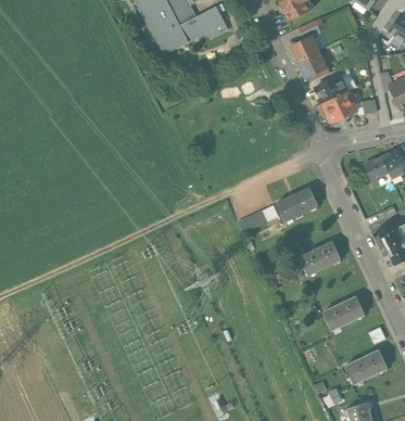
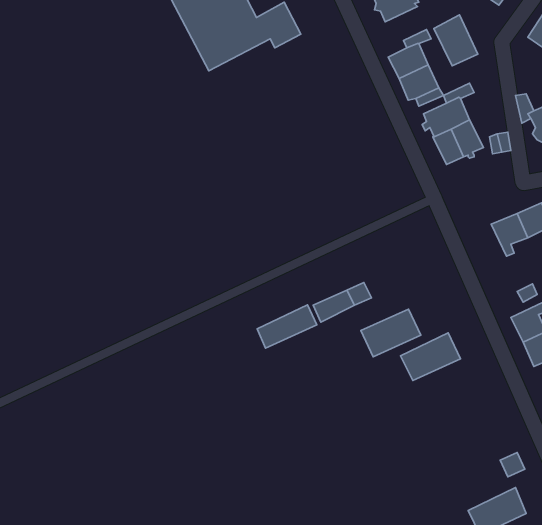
building: none -> [434,15,478,66]
building: [276,188,318,221] -> [361,309,421,357]
building: none -> [257,305,317,348]
building: [322,296,365,331] -> none

